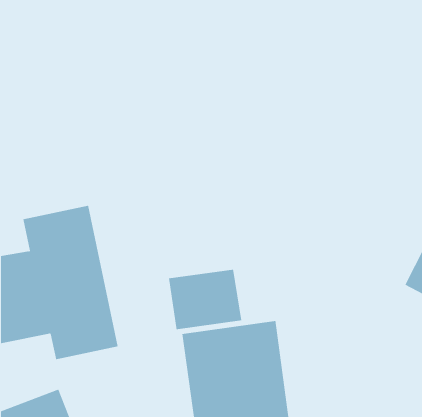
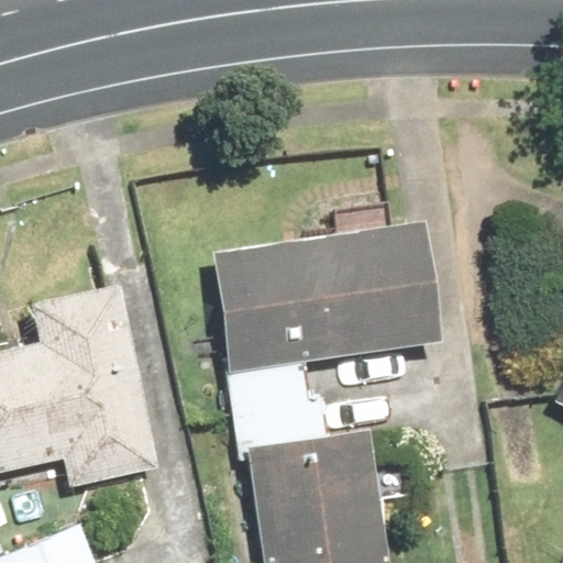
building: none -> [214,233,446,366]

